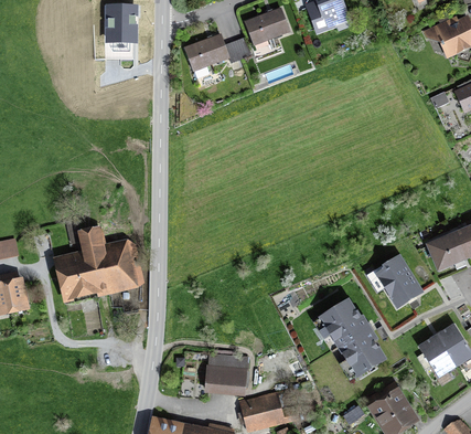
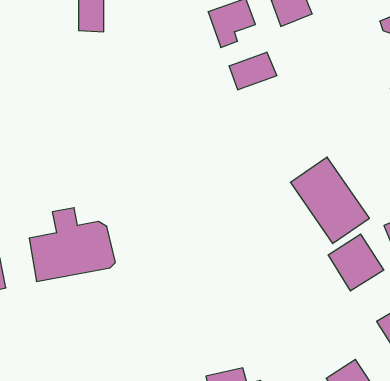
building: [183,32,231,71] -> none
building: none -> [229,52,277,90]
building: [312,296,395,387] -> [290,157,369,244]
building: [205,353,248,395] -> none

